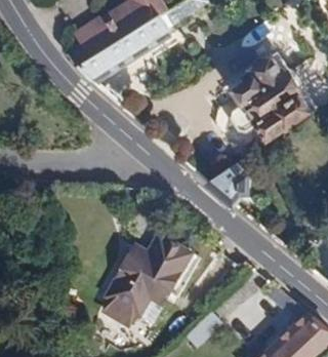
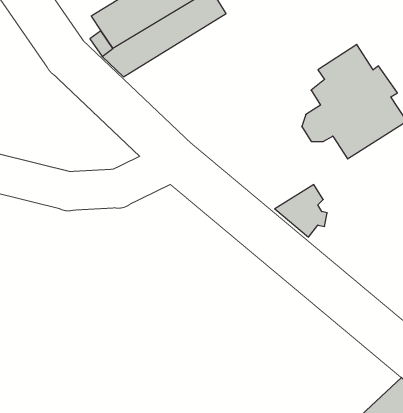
building: [108,238,192,321] -> none

